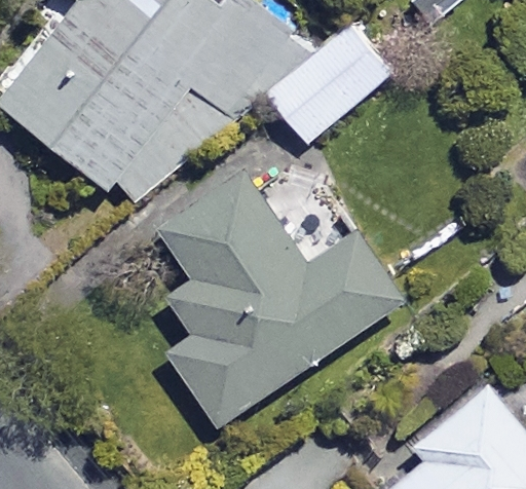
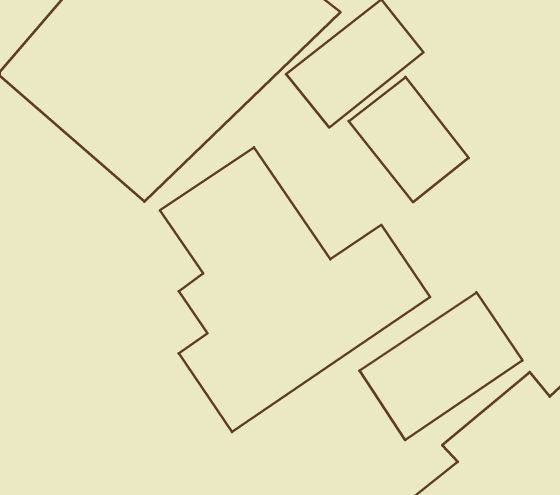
building: none -> [349,77,469,202]
building: none -> [359,292,522,440]

